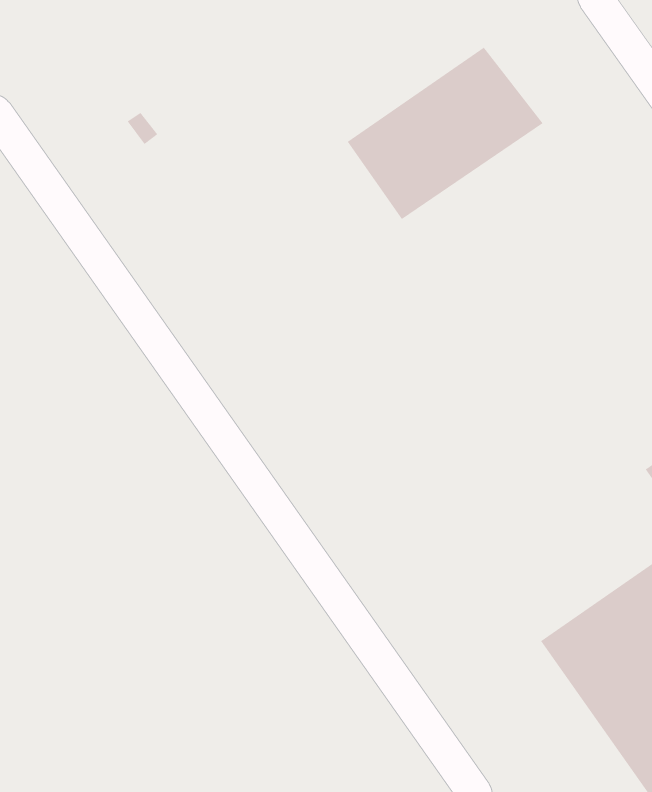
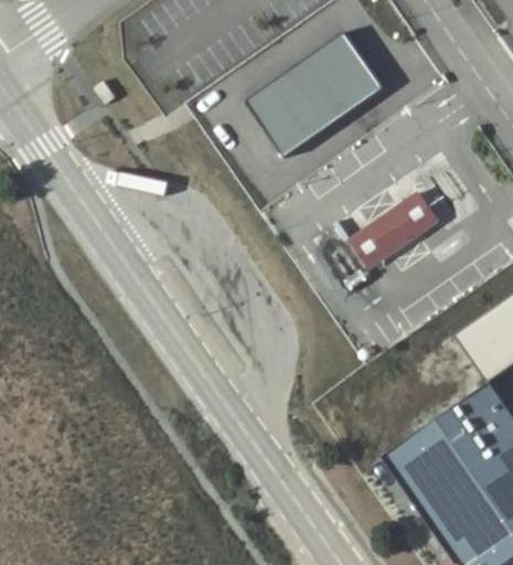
building: none -> [354,196,432,264]

